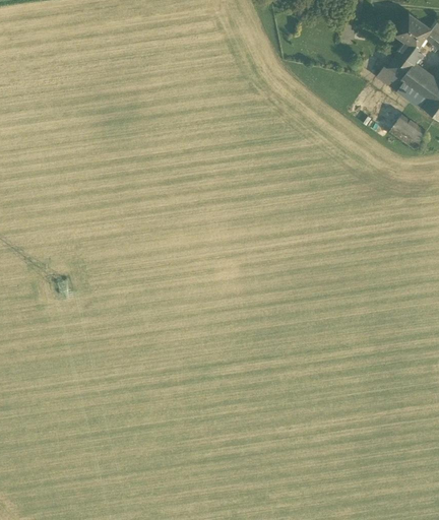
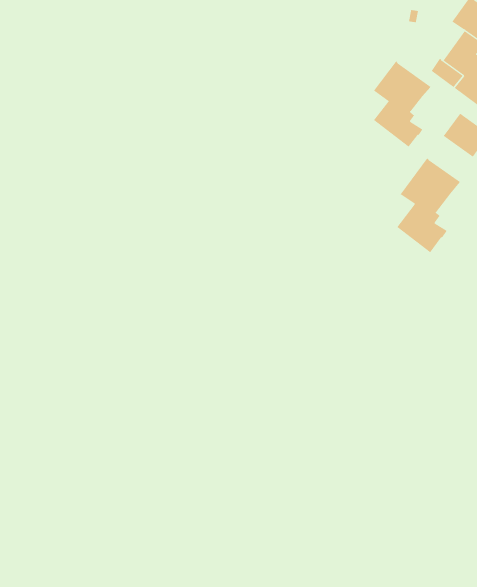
building: none -> [372,61,432,148]
building: none -> [396,157,461,253]

